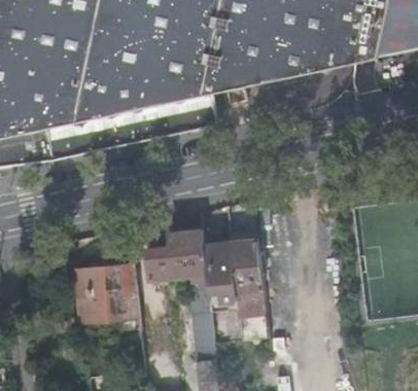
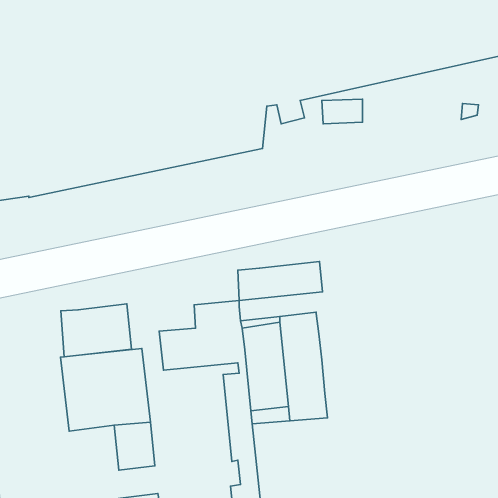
building: none -> [238,262,322,301]
building: none -> [61,304,131,357]

